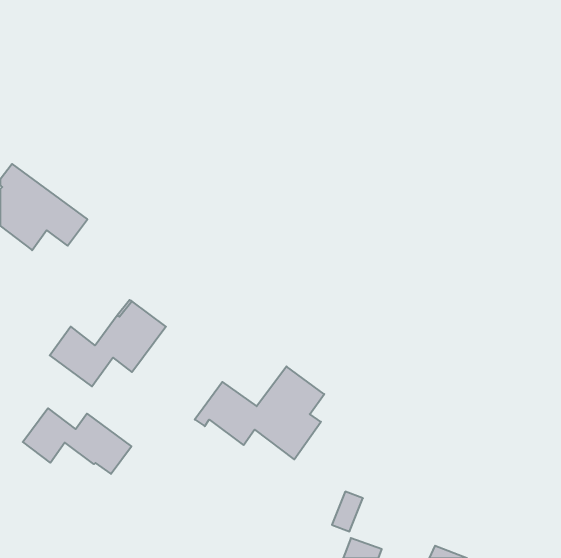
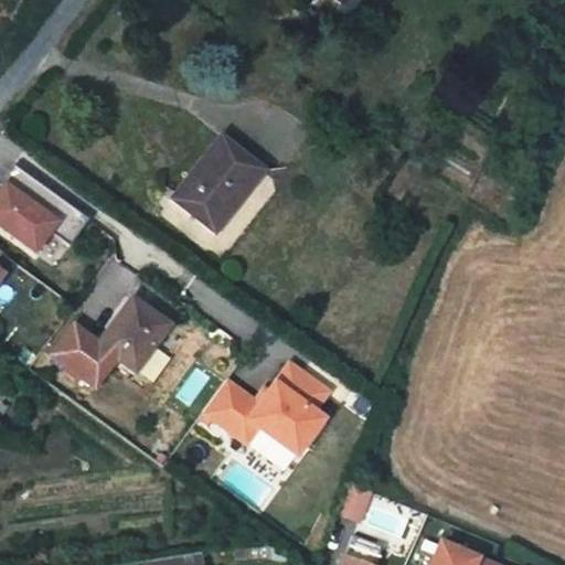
building: none -> [172,136,266,233]
building: [23,408,131,474] -> none

